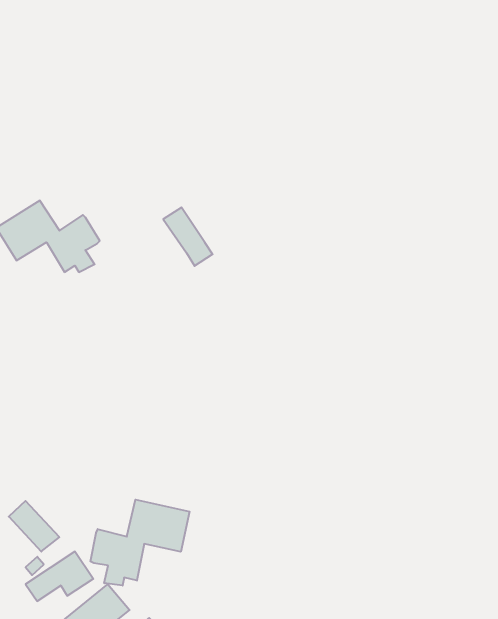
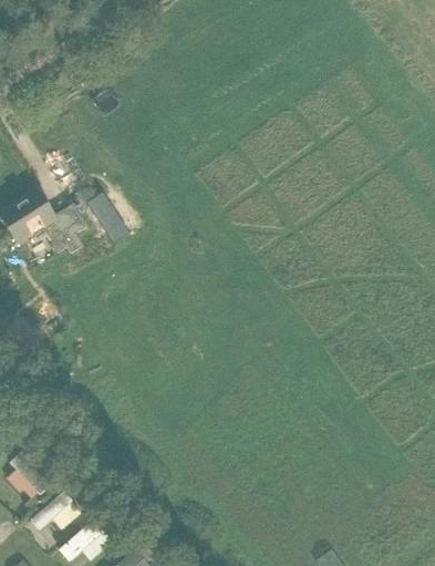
building: [163,207,213,266] -> [86,193,128,243]
building: [90,500,190,586] -> none

